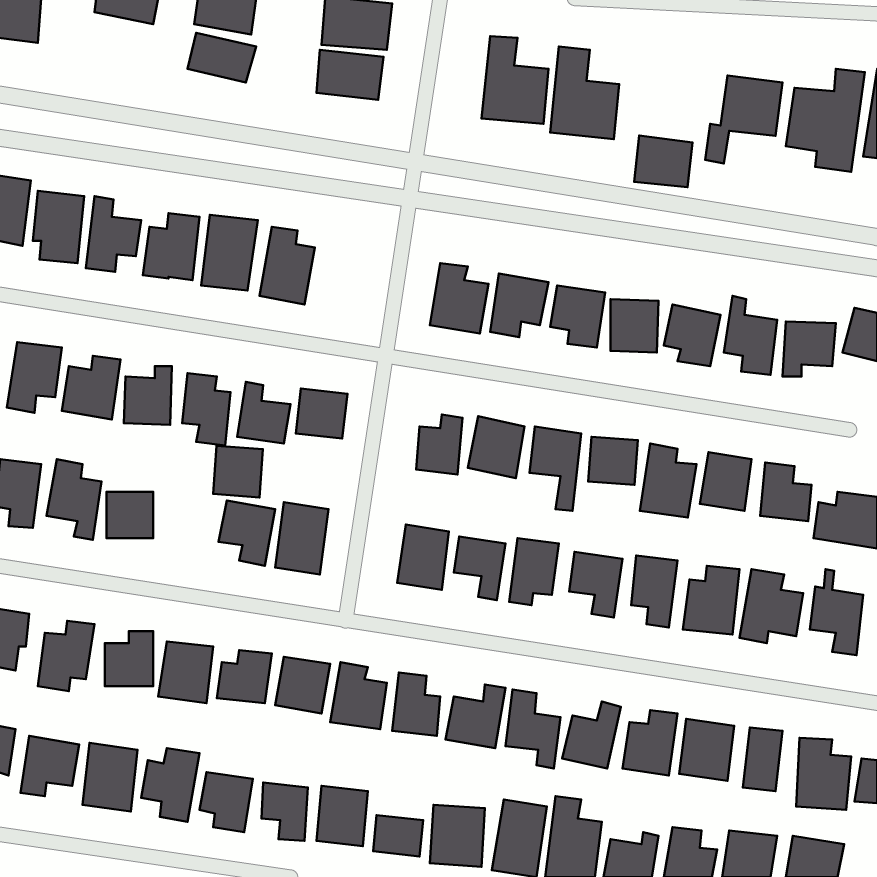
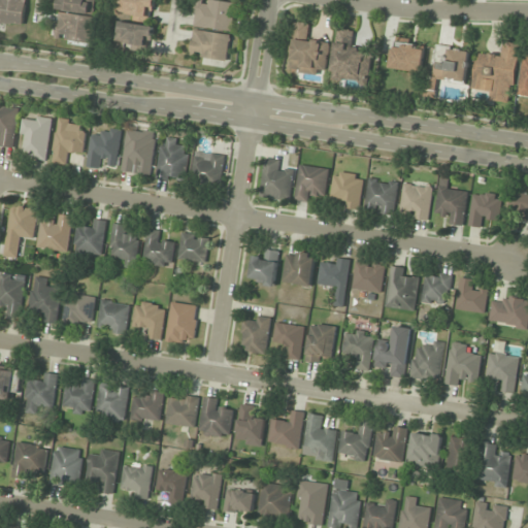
building: none -> [54,12,94,43]
building: [634,135,693,187] -> [389,41,424,72]
building: none -> [189,153,226,187]
building: [213,446,263,497] -> [98,301,128,332]

